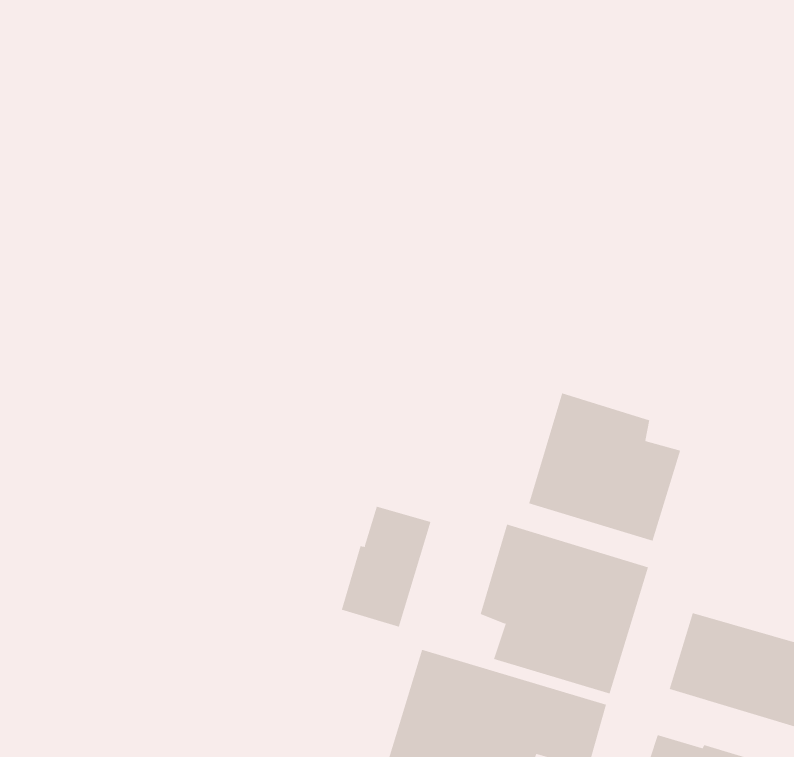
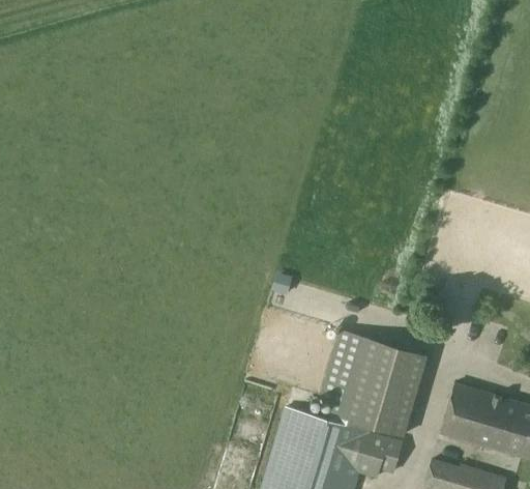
building: [529,393,681,541] -> none
building: [341,506,431,628] -> none

